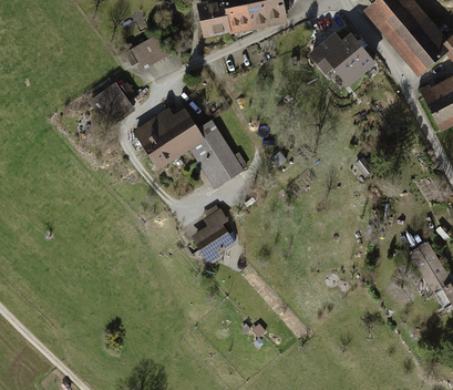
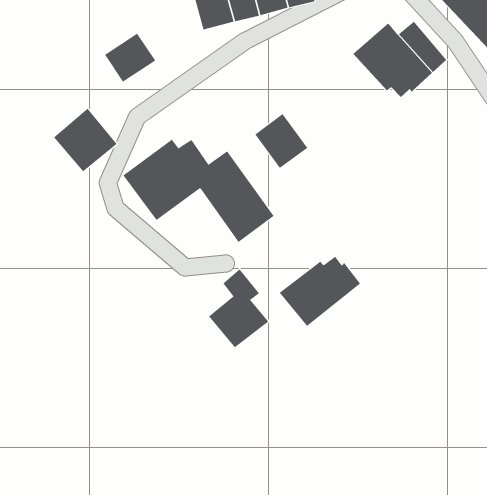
building: none -> [254,113,308,169]
building: none -> [279,256,361,327]

